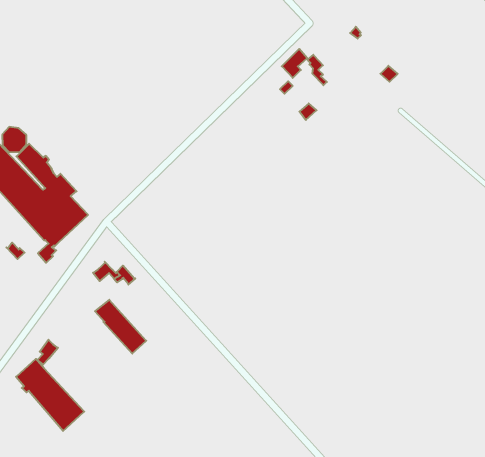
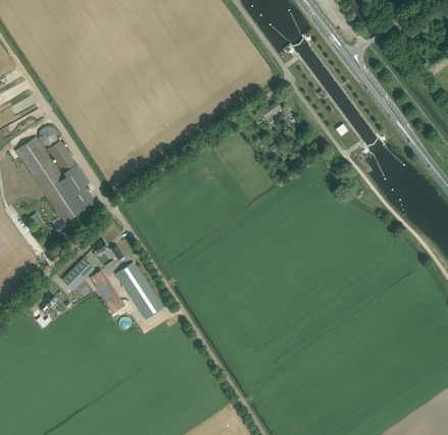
building: none -> [62,258,95,290]
building: [16,359,84,431] -> [115,262,163,320]

